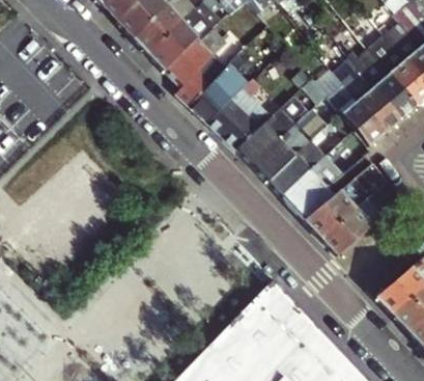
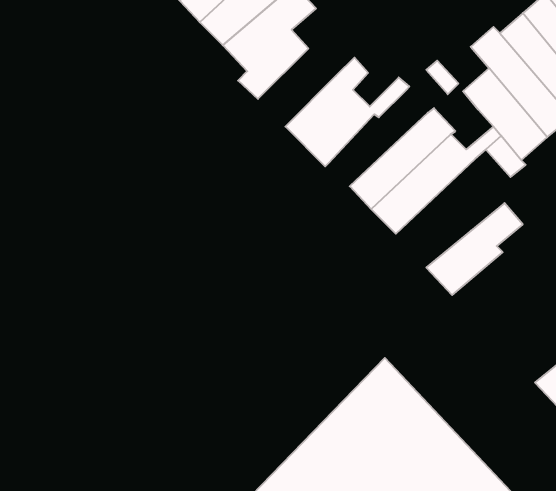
building: [189,52,248,125] -> none
building: [236,100,304,165] -> none
building: [282,146,352,220] -> none
building: [320,198,384,255] -> none

